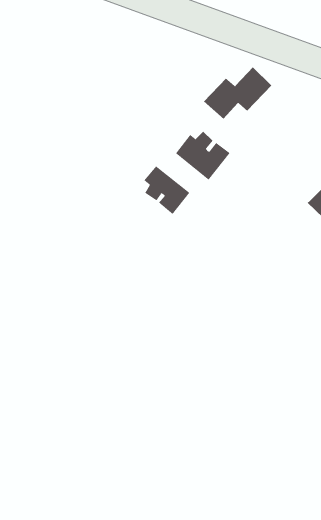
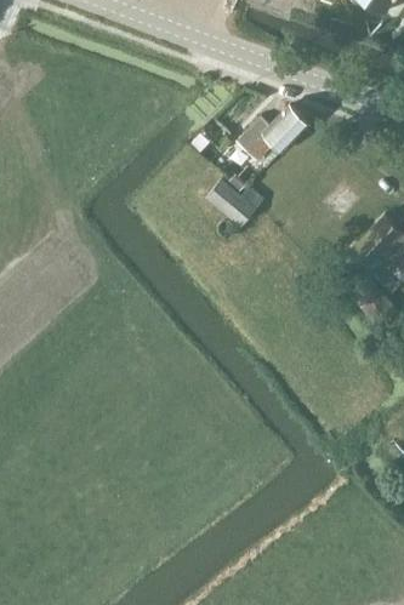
building: [143,165,190,215] -> none

